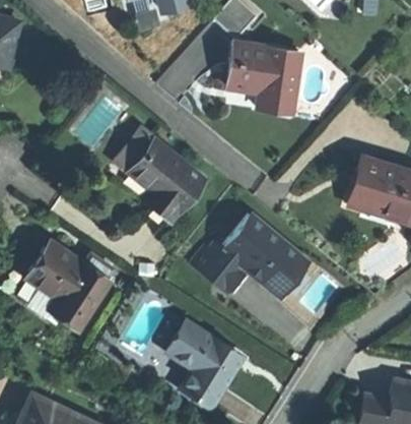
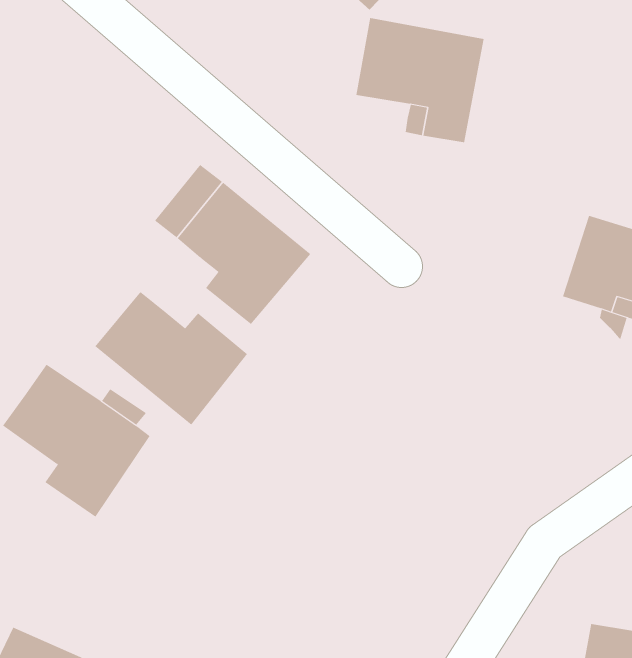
building: none -> [95,291,248,426]
building: [192,214,299,292] -> none
building: [170,324,242,407] -> none

